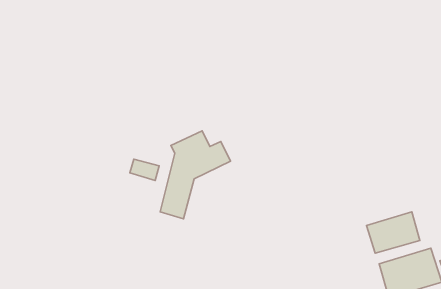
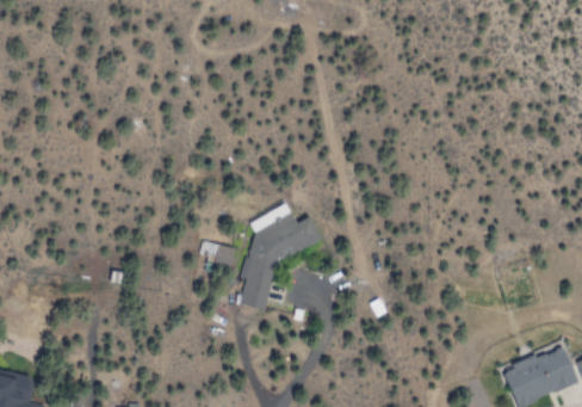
building: [367,212,420,253] -> none

